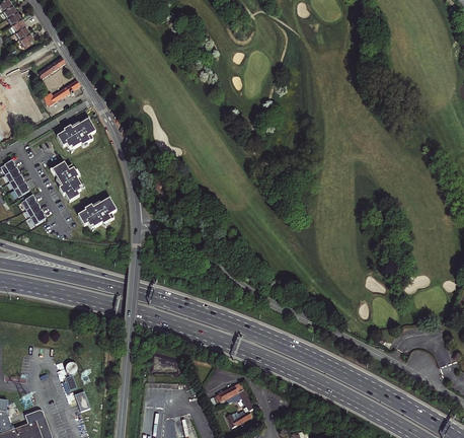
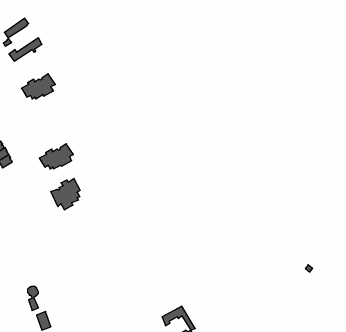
building: [53,163,81,202] -> none
building: none -> [51,178,80,210]

